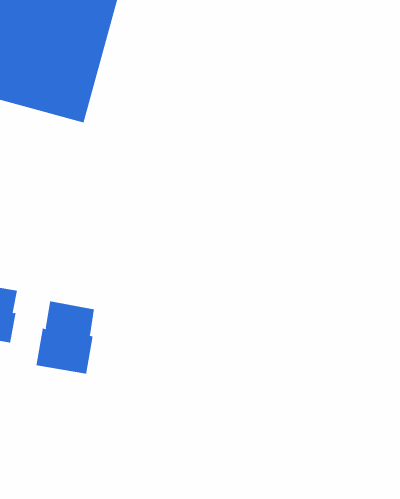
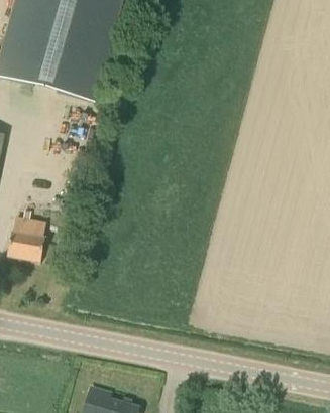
building: [36,301,95,375] -> none

